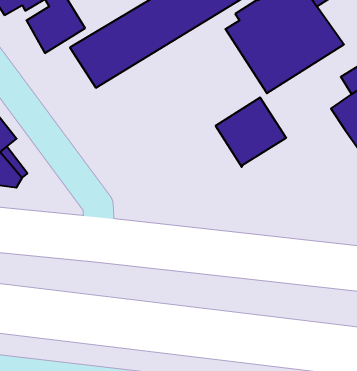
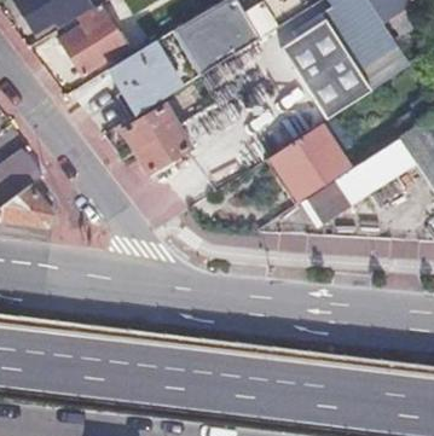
building: none -> [121,104,187,172]
building: none -> [299,136,412,223]

